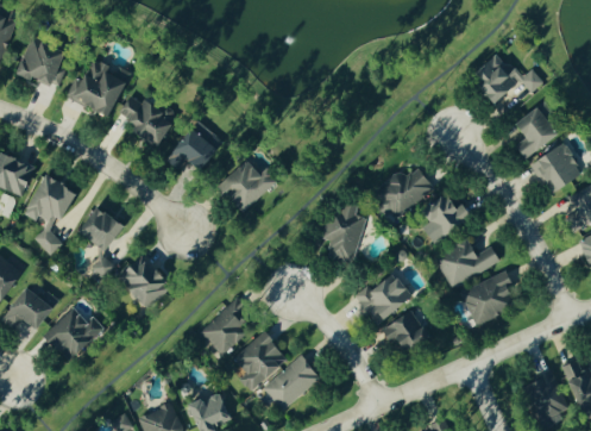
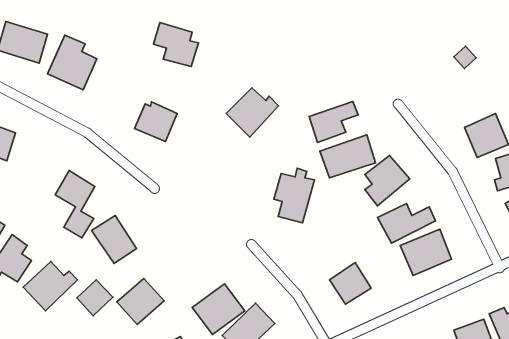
building: [469,57,515,104] -> none
building: [119,95,169,144] -> [154,23,199,67]
building: [514,106,558,160] -> none
building: none -> [309,102,358,143]
building: [218,160,276,214] -> [226,88,279,137]
building: [24,174,76,252] -> none
building: [356,270,411,324] -> none
building: [200,306,252,357] -> [117,278,164,324]
building: none -> [77,280,113,316]

